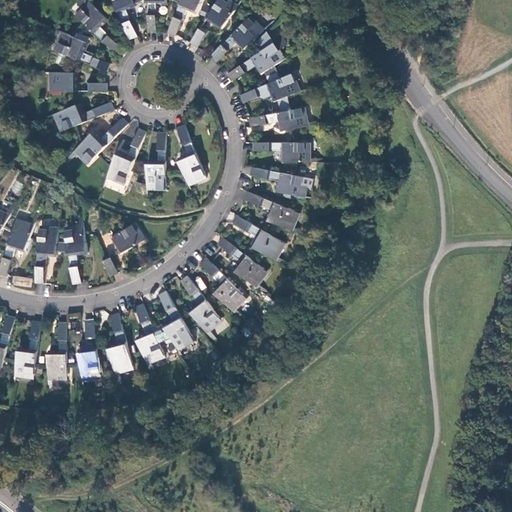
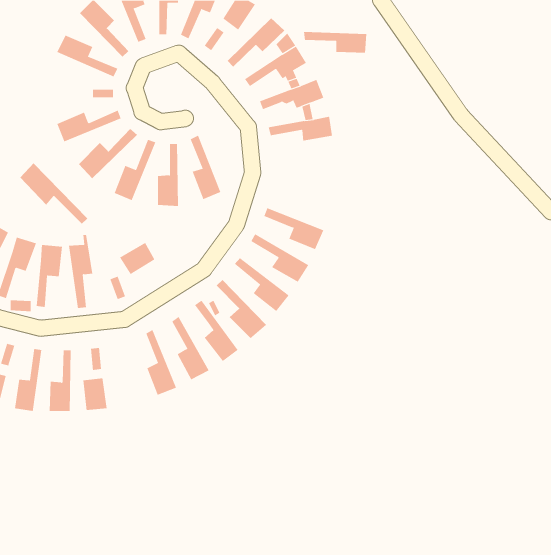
building: [47,72,76,90] -> none
building: [251,141,310,161] -> [303,32,367,53]
building: none -> [19,163,88,224]
building: [249,166,312,197] -> none
building: [106,313,131,384] -> none

